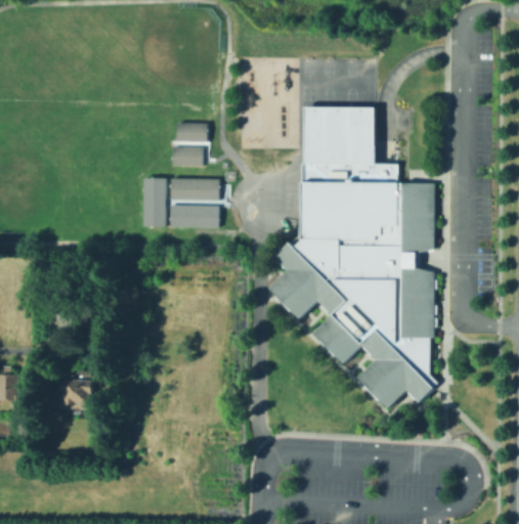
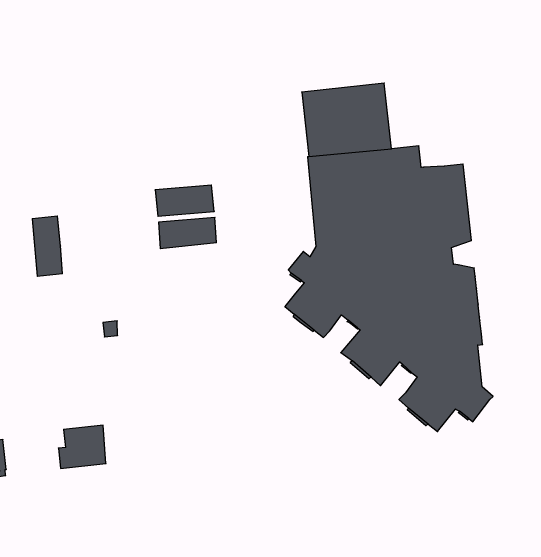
building: [177,122,208,140] -> none
building: [173,145,203,165] -> none
building: [142,177,165,226] -> [32,216,62,276]

